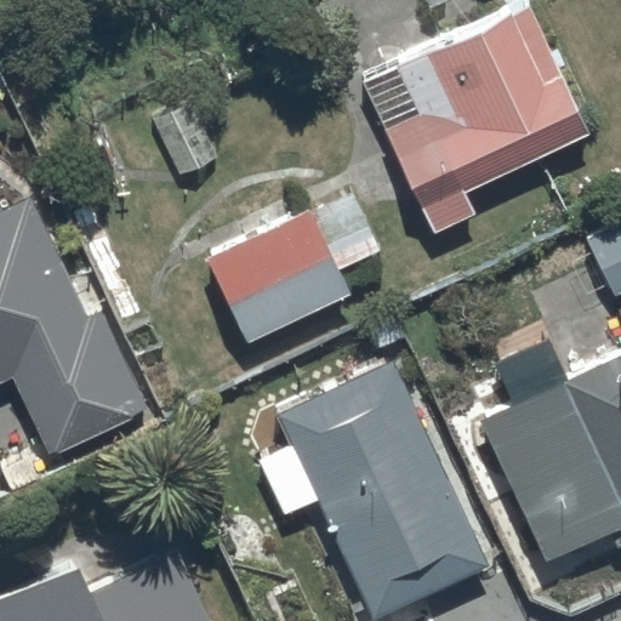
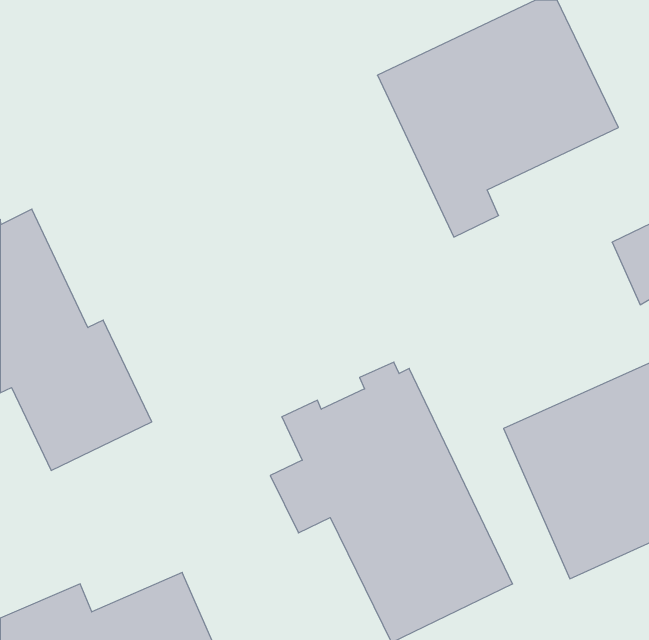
building: [206,210,349,343] -> none

